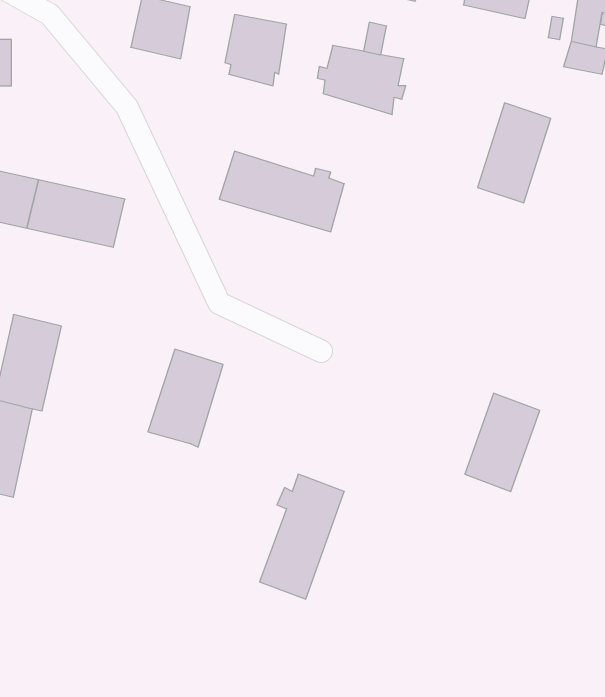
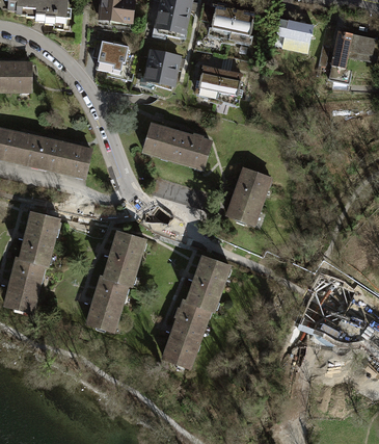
building: [478,103,551,203] -> [228,168,268,223]
building: [465,393,540,491] -> [188,256,228,309]
building: none -> [87,275,127,329]

